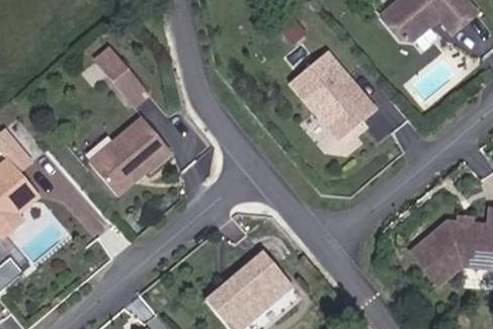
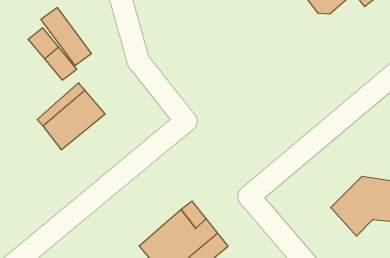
building: [291,48,377,140] -> none

